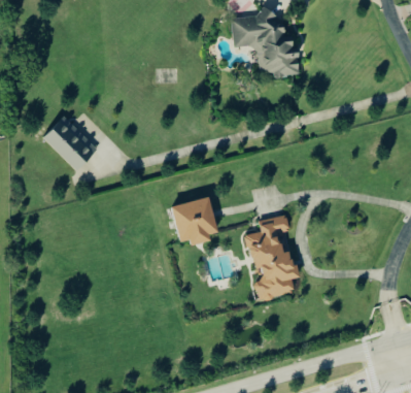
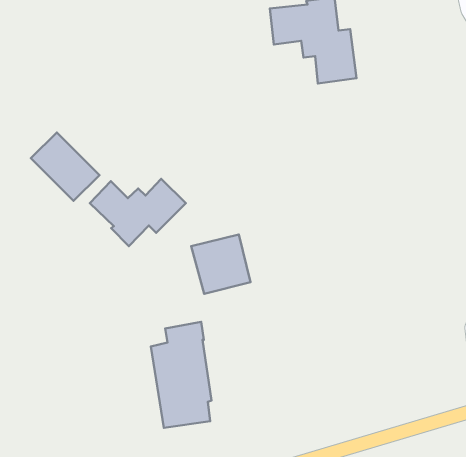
building: none -> [90,179,186,246]
building: [247,216,296,300] -> [151,322,212,428]

